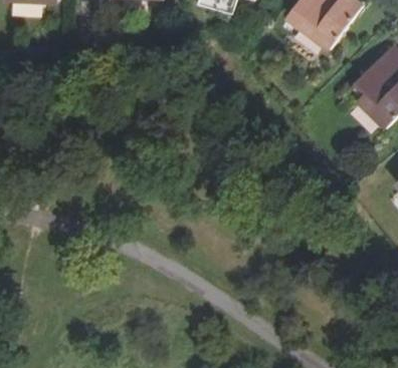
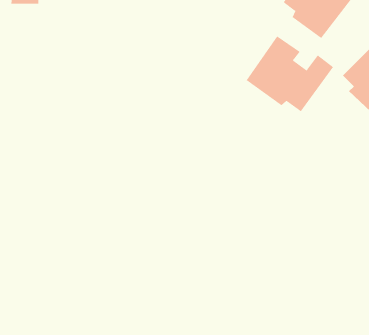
building: none -> [246,35,334,112]

